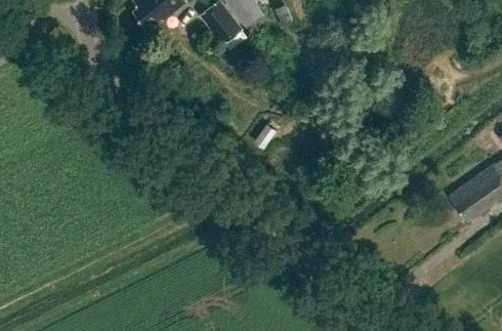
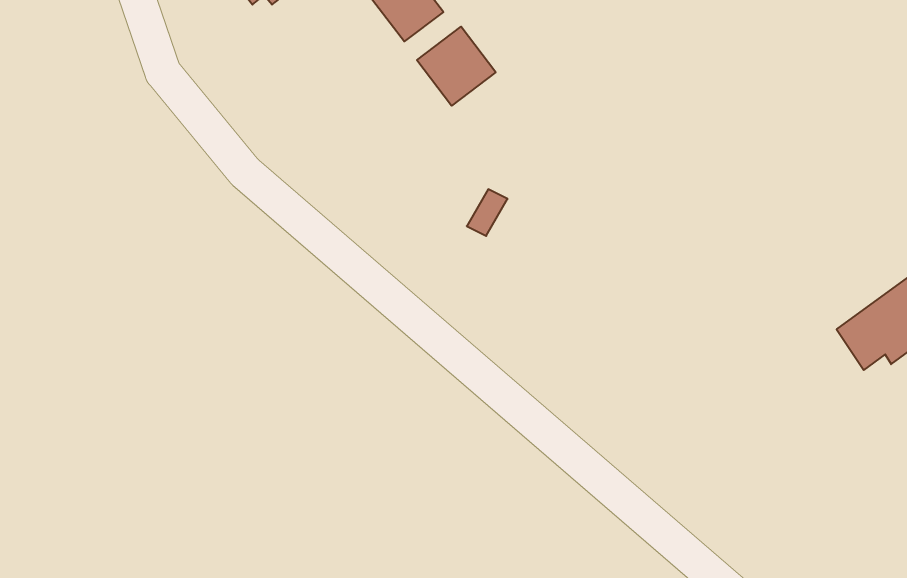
building: none -> [417,27,496,106]

